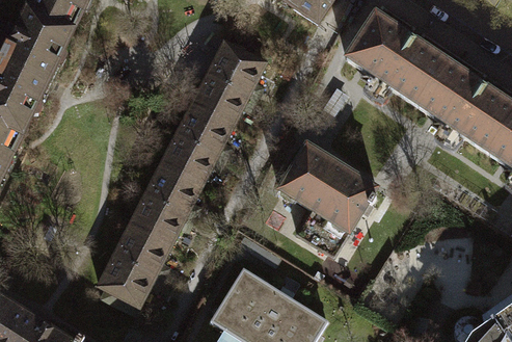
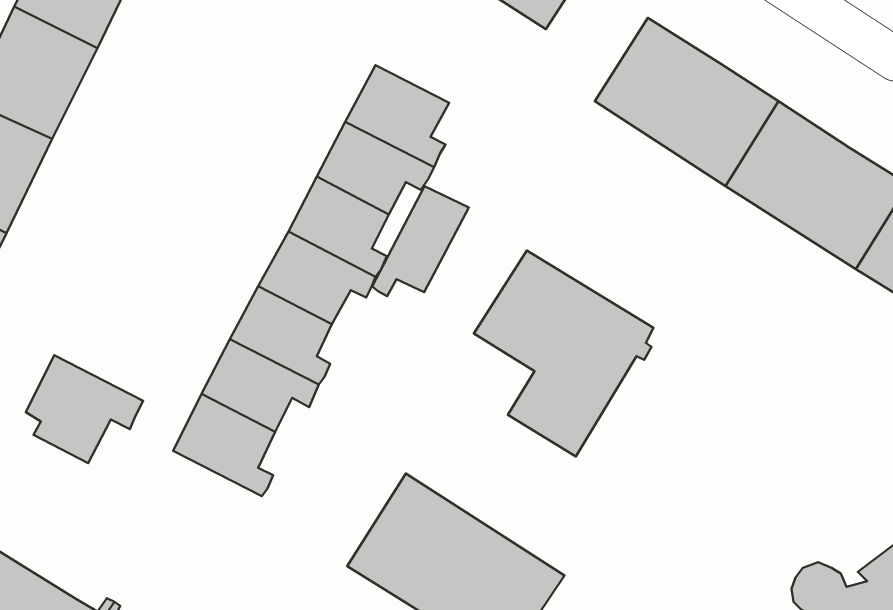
building: none -> [372,186,469,296]
building: [98,252,162,311] -> [26,355,143,463]

